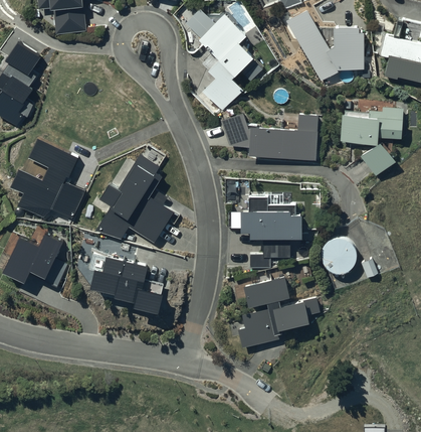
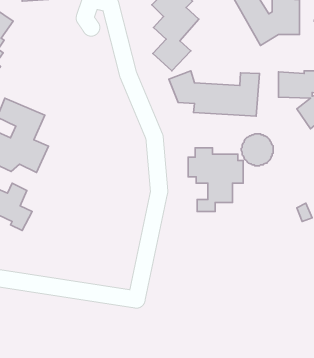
building: [97,154,173,243] -> none
building: [321,238,356,273] -> [241,134,273,166]
building: [90,256,166,313] -> none
building: [238,274,319,348] -> none

